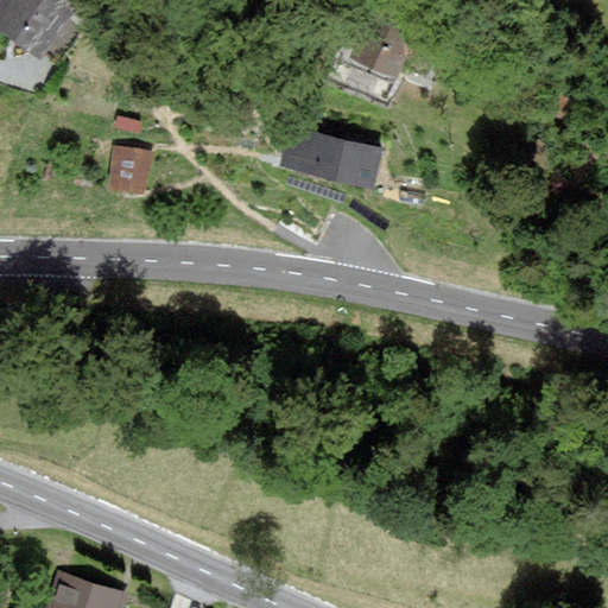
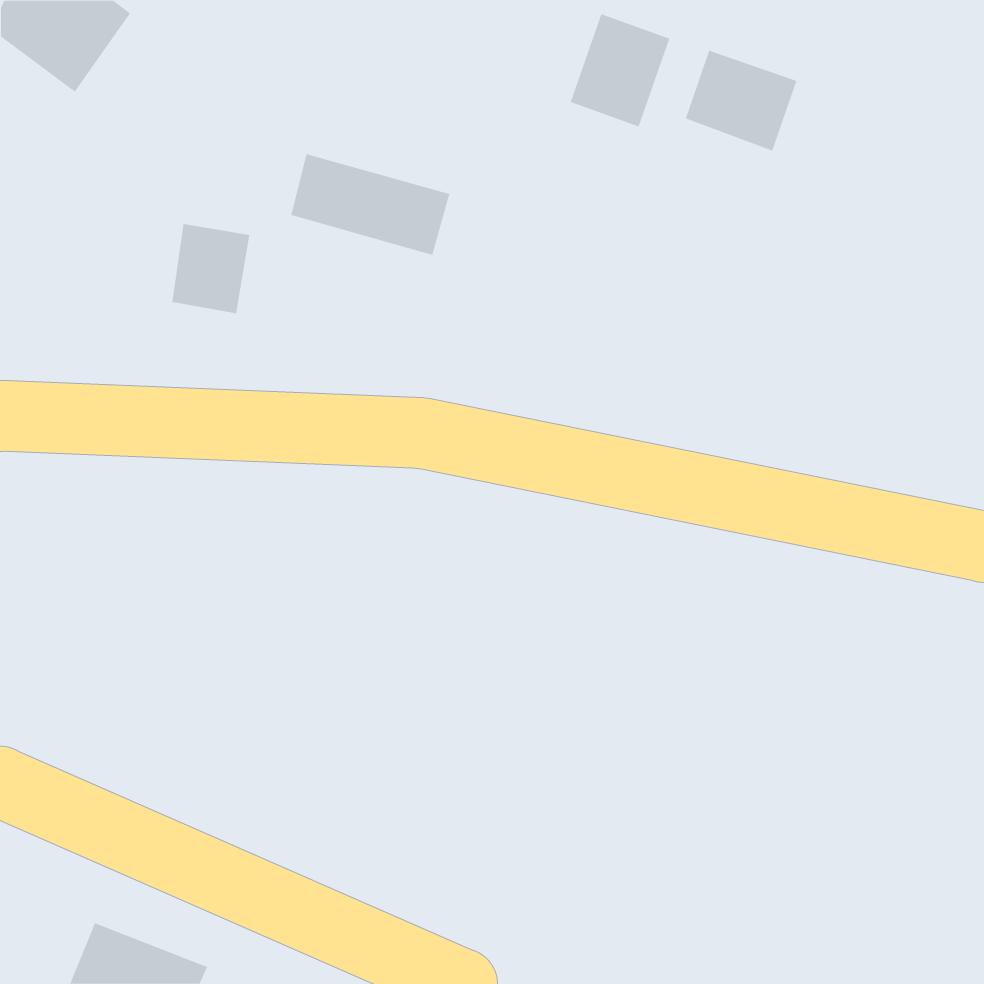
building: none -> [685,50,797,152]
building: [280,127,379,190] -> [290,153,450,255]

